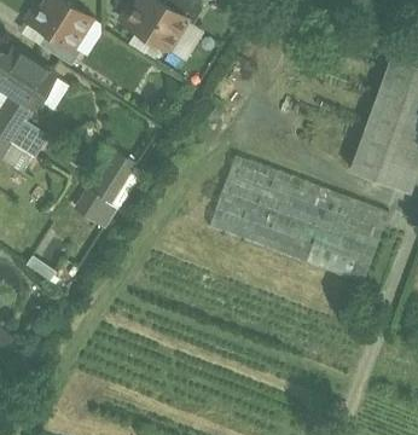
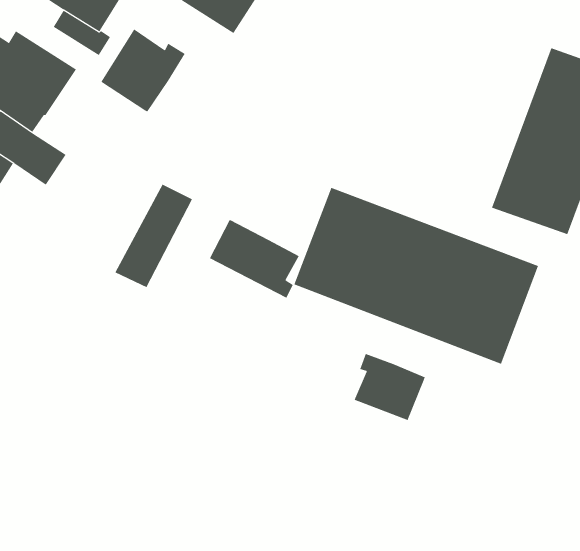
building: none -> [101,29,186,112]
building: none -> [209,219,299,299]
building: none -> [354,353,425,421]

